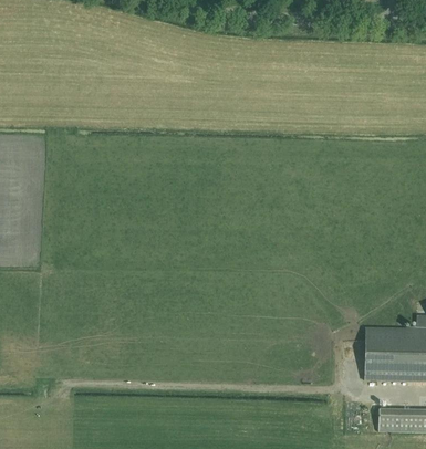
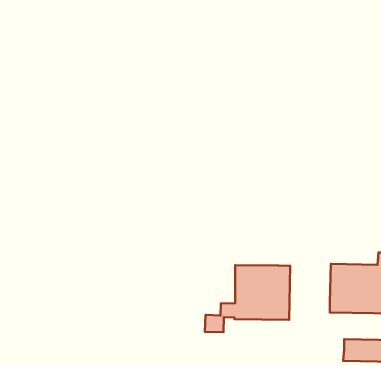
building: none -> [205,265,290,332]

